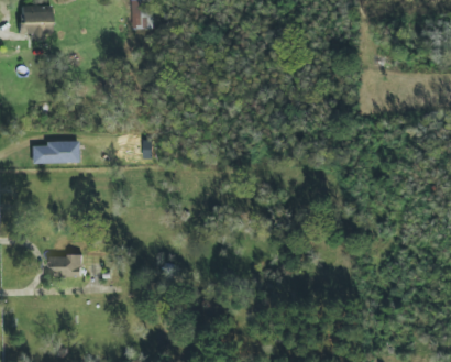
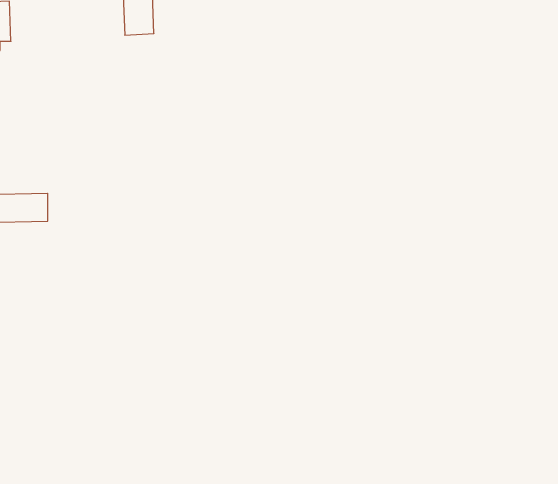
building: [52,255,84,276] -> none

